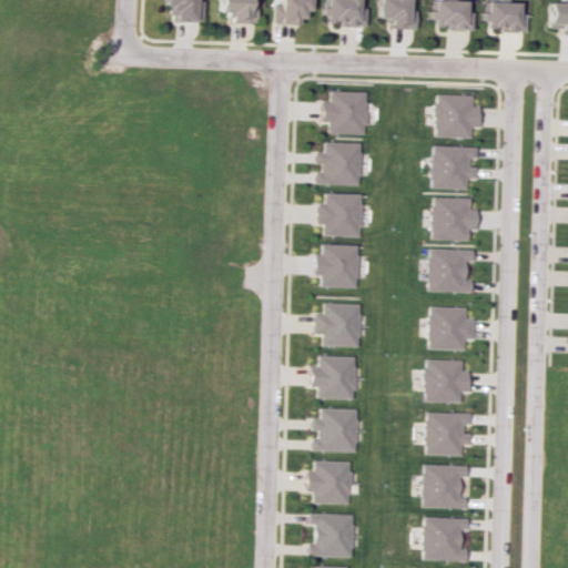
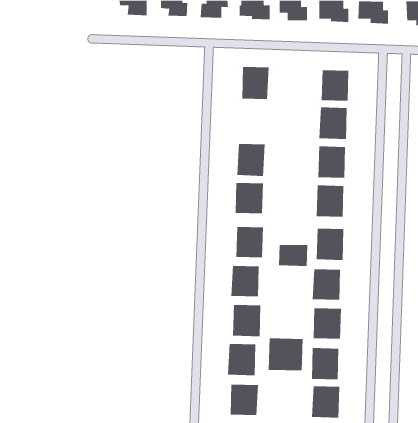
building: [326,140,364,185] -> none
building: none -> [279,244,308,267]
building: none -> [268,337,303,371]

